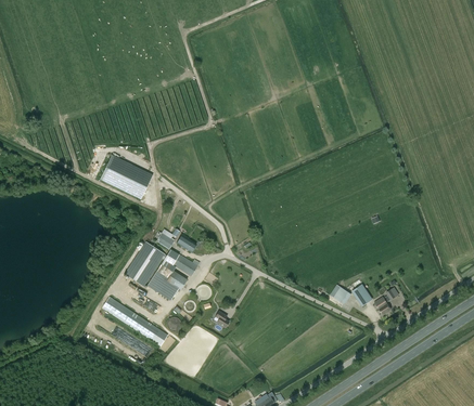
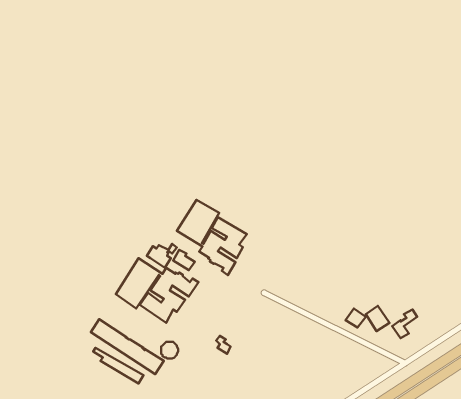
building: [100,155,153,200] -> none
building: none -> [177,200,247,275]

